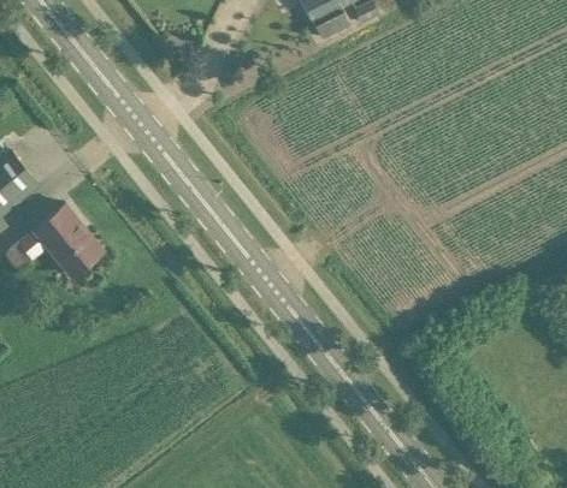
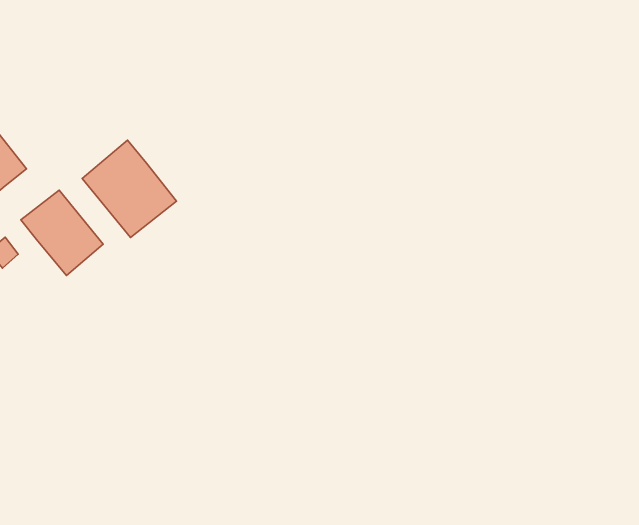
building: none -> [82,140,177,238]

